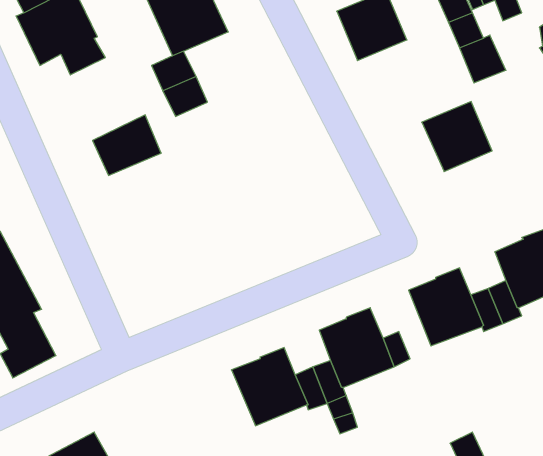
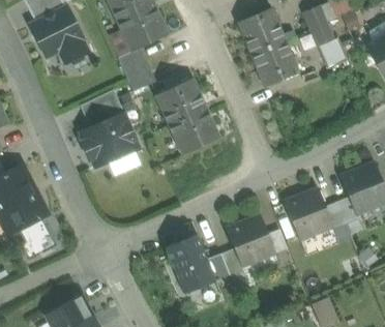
building: none -> [156,78,219,154]
building: [422,102,492,172] -> [251,40,297,86]
building: none -> [80,114,139,167]

